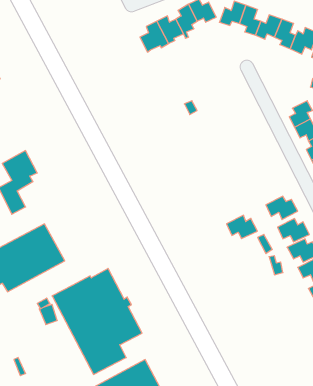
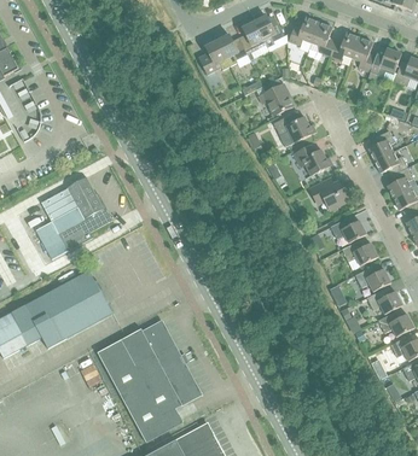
building: none -> [256,77,292,116]
building: none -> [273,112,317,146]
building: none -> [294,145,332,175]
building: none -> [58,177,112,251]
building: none -> [309,180,350,210]
building: [227,215,257,239] -> [331,216,366,242]

